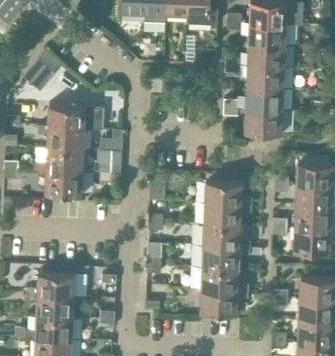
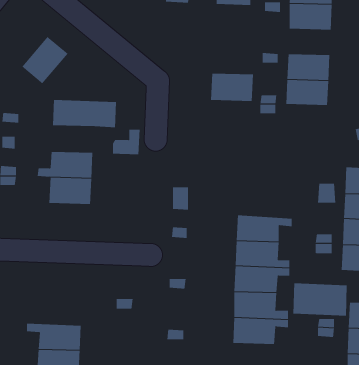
building: [248,45,285,67] -> none
building: [245,109,282,133] -> [210,73,254,101]
building: [37,126,84,150] -> none
building: [96,151,122,174] -> none
building: [205,181,252,206] -> none
building: none -> [293,283,347,317]
building: [26,273,74,297] -> none

